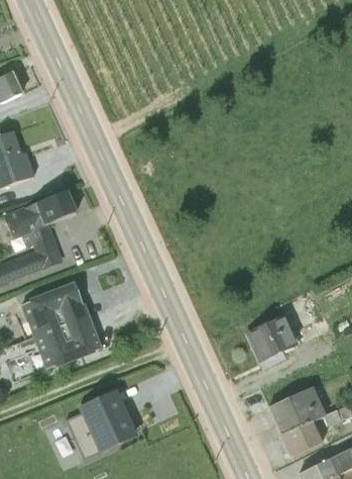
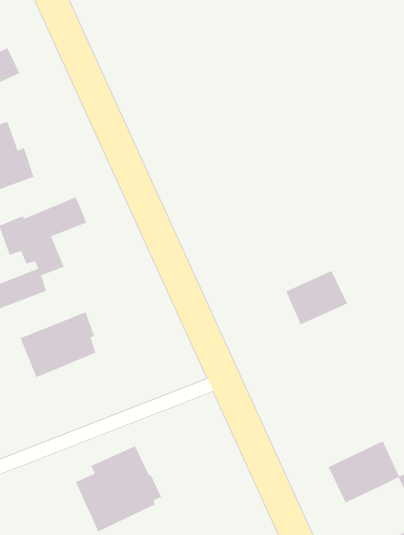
building: [249,315,300,360] -> [285,270,348,325]
building: [35,316,100,369] -> none
building: [282,422,322,457] -> none

